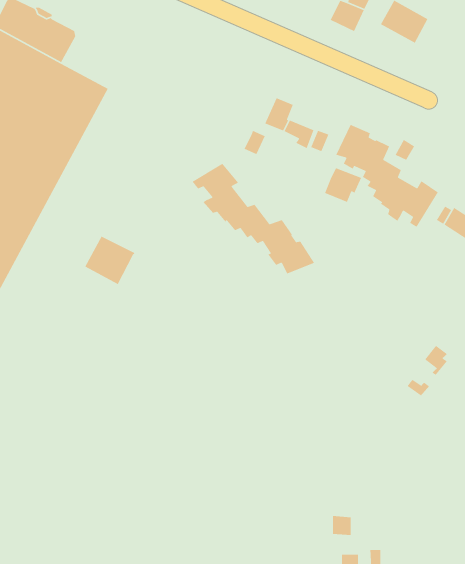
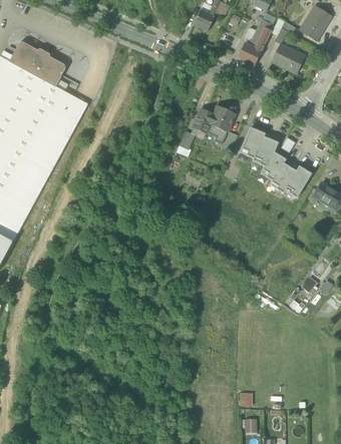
building: [191,163,315,275] -> none
building: [324,167,362,204] -> [209,106,235,131]
building: [84,235,135,285] -> none

